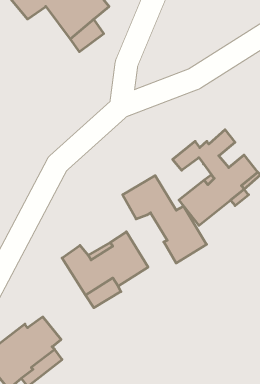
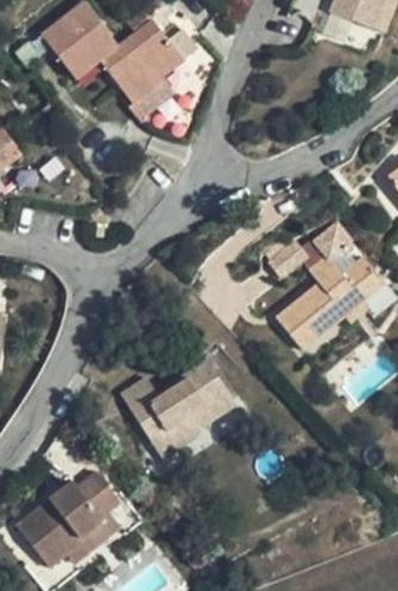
building: [123,176,207,263] -> none

